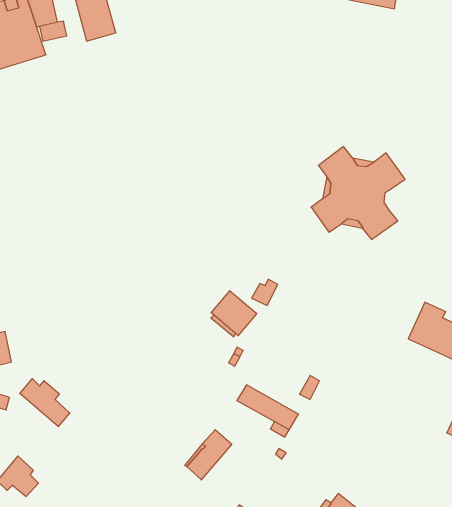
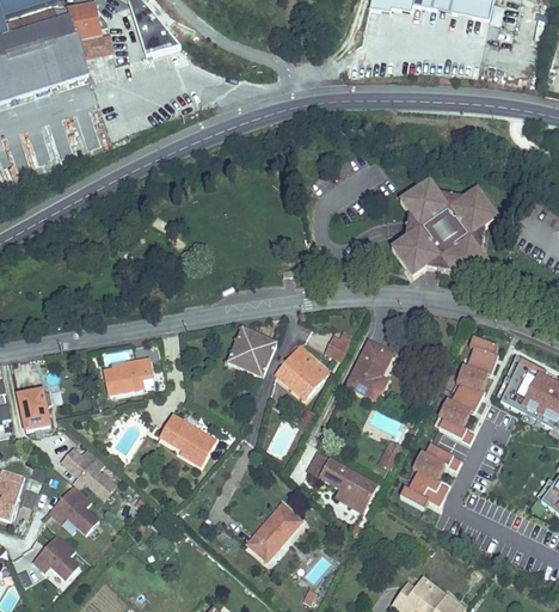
building: none -> [227,326,277,377]
building: none -> [438,333,502,441]
building: none -> [348,339,391,398]
building: none -> [105,357,154,393]
building: none -> [160,415,214,464]
building: none -> [401,441,451,506]
building: none -> [49,483,102,534]

